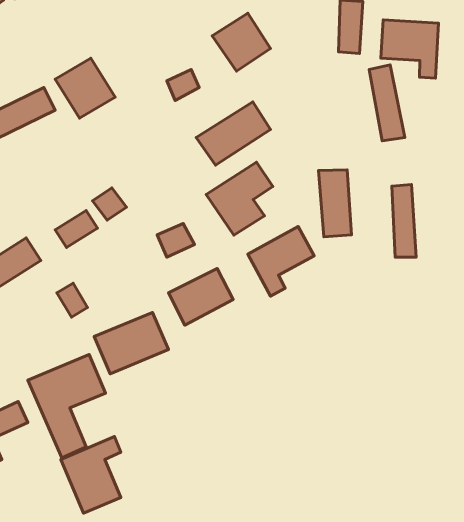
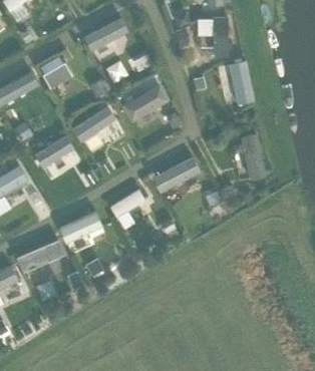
building: [212,13,271,71] -> [86,23,122,59]
building: [381,20,439,78] -> none
building: [206,162,273,235] -> [74,108,115,153]
building: [319,170,351,237] -> none
building: [61,436,121,513] -> none

